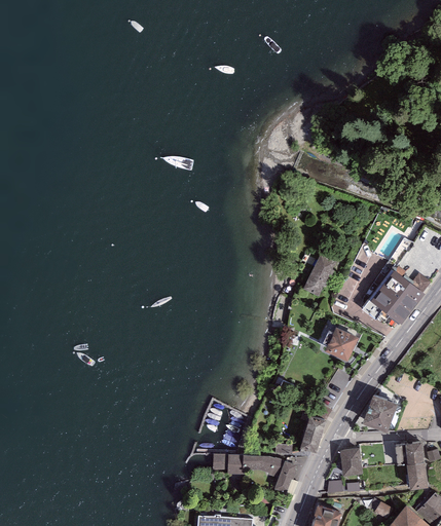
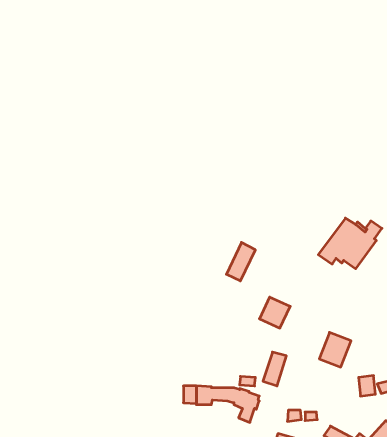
building: [303,254,335,296] -> [226,242,255,281]
building: [325,327,359,361] -> [259,297,290,328]
building: [339,447,362,476] -> none
building: [406,462,428,490] -> none

